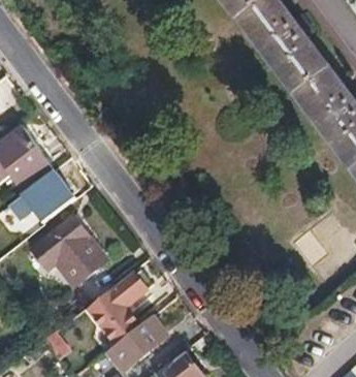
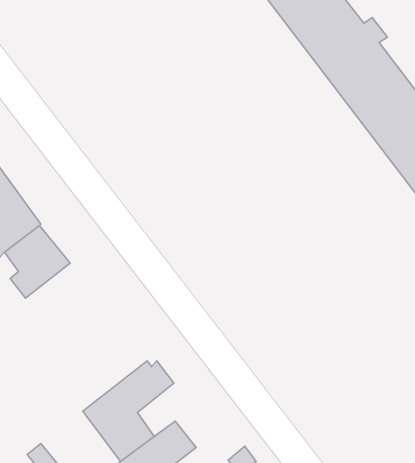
building: [29,216,106,287] -> none

